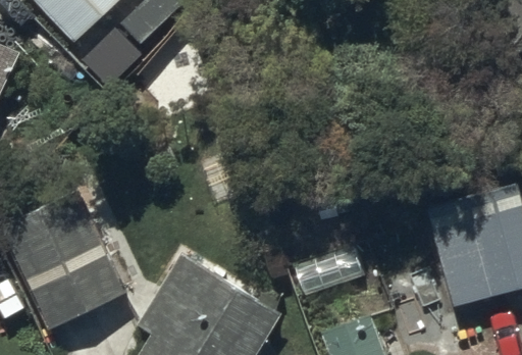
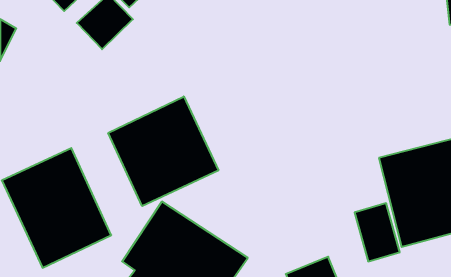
building: none -> [108,96,218,206]

